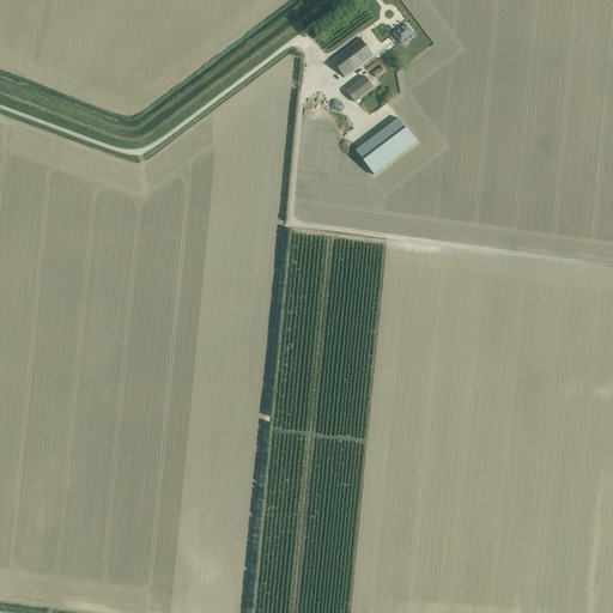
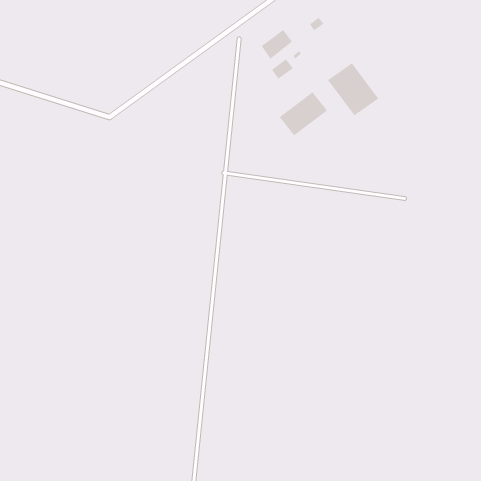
building: none -> [327,62,379,116]

